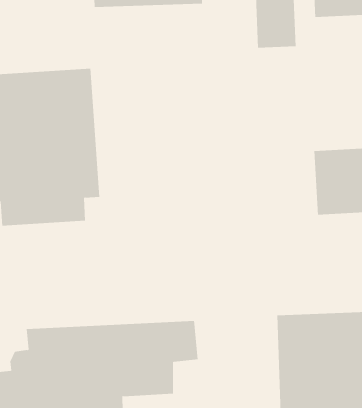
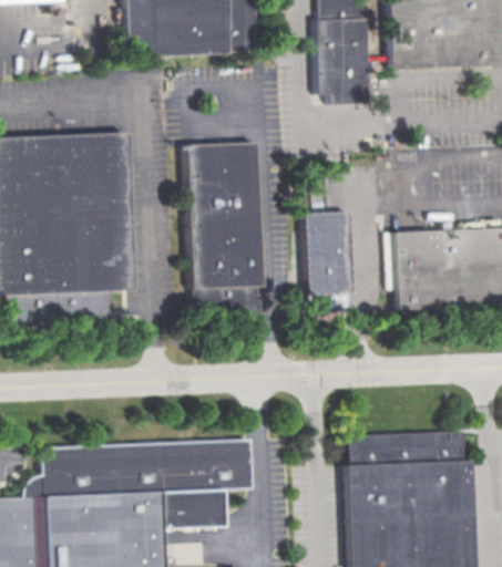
building: none -> [187,141,264,316]
building: none -> [305,210,355,311]

